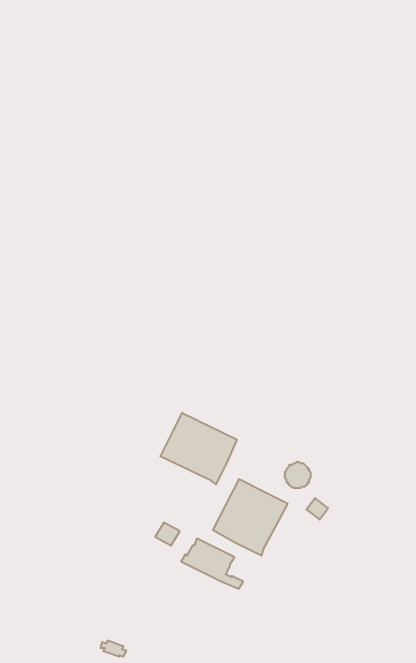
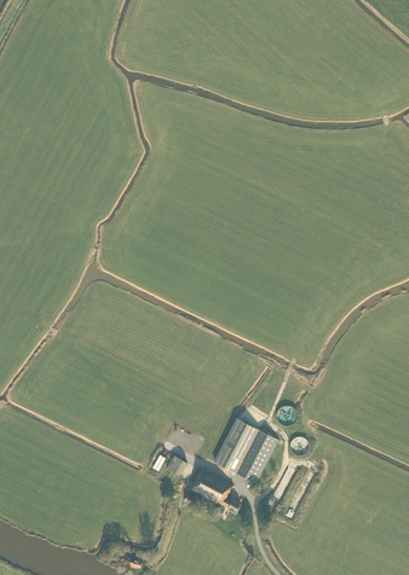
building: [160,413,237,484] -> none

